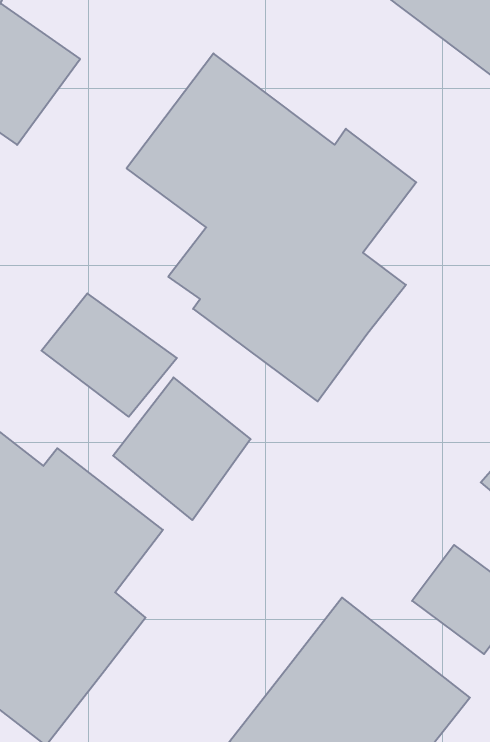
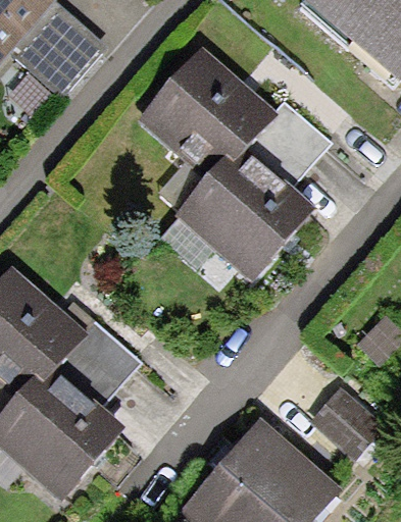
building: [41,293,177,417] -> none
building: [113,377,251,520] -> none

